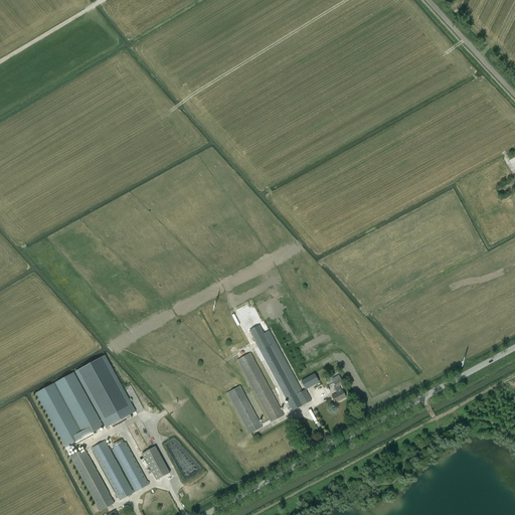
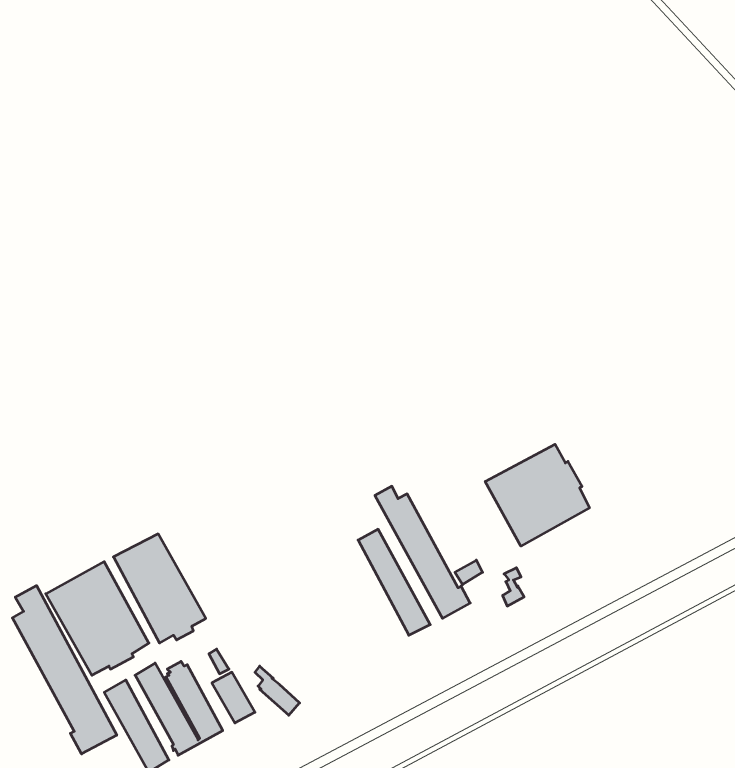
building: none -> [485,444,589,546]
building: [226,384,262,433] -> none
building: none -> [12,586,117,754]

